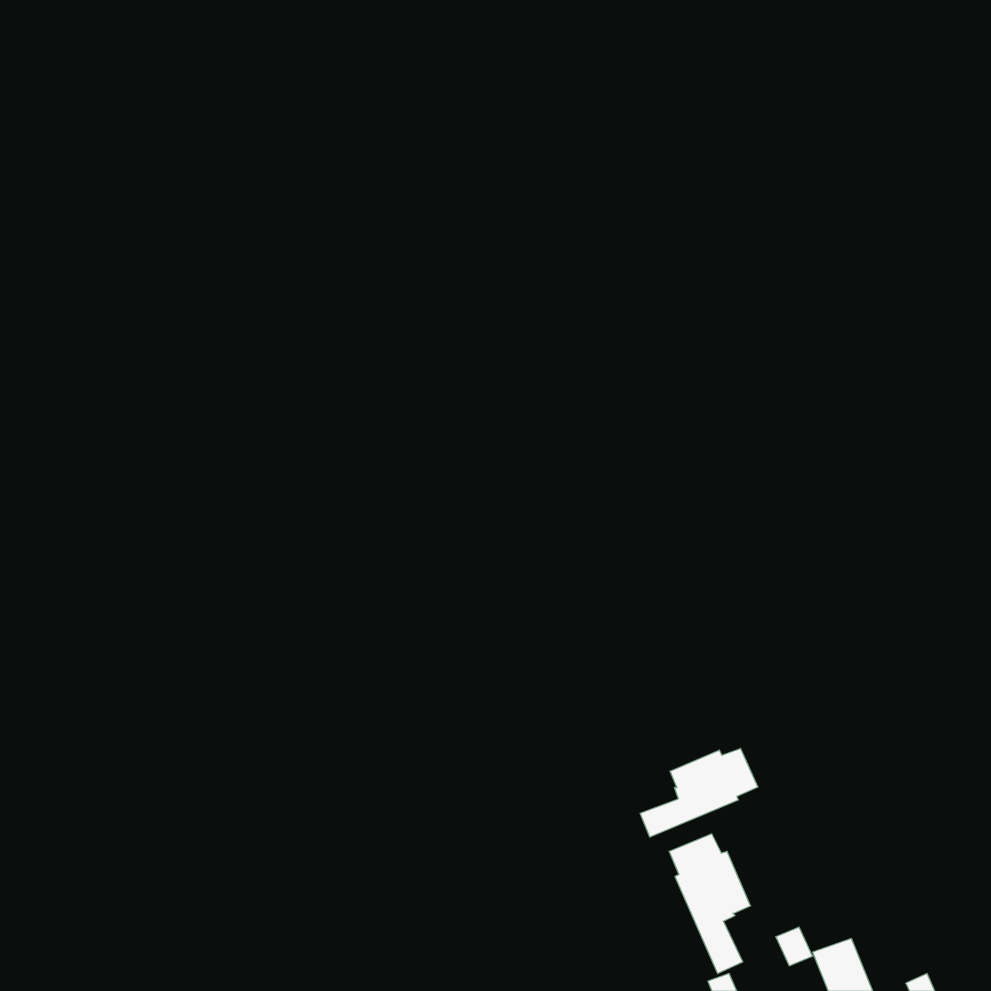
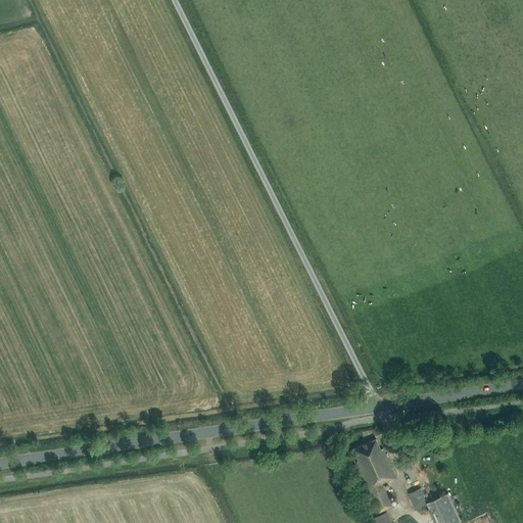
building: [640,748,758,837] -> none

